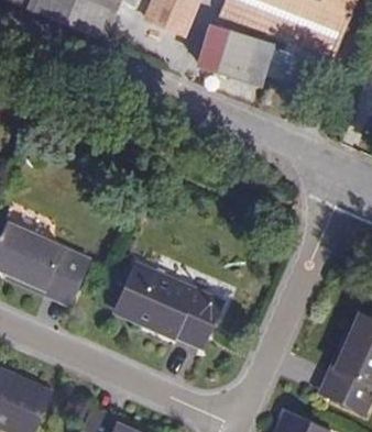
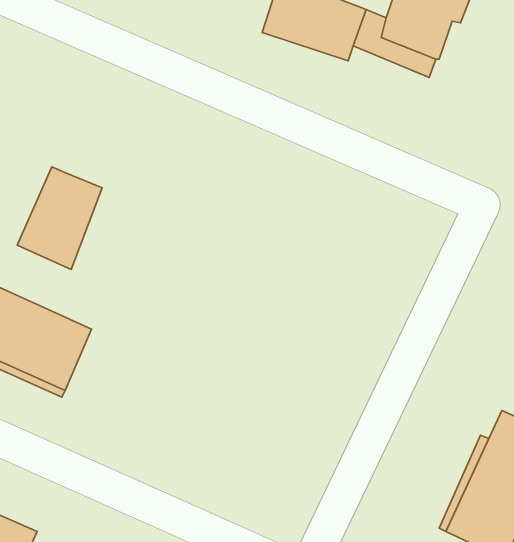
building: none -> [17,167,102,269]
building: [116,263,223,347] -> none

